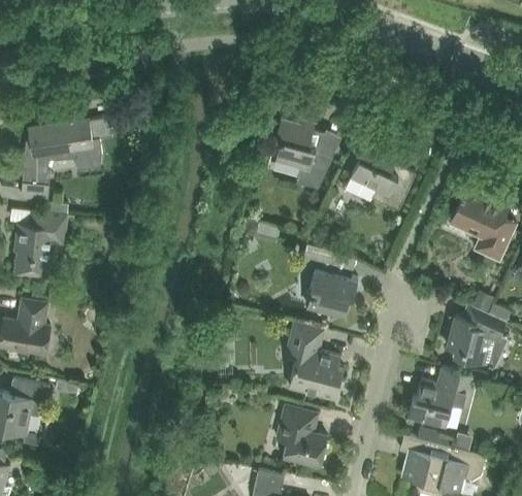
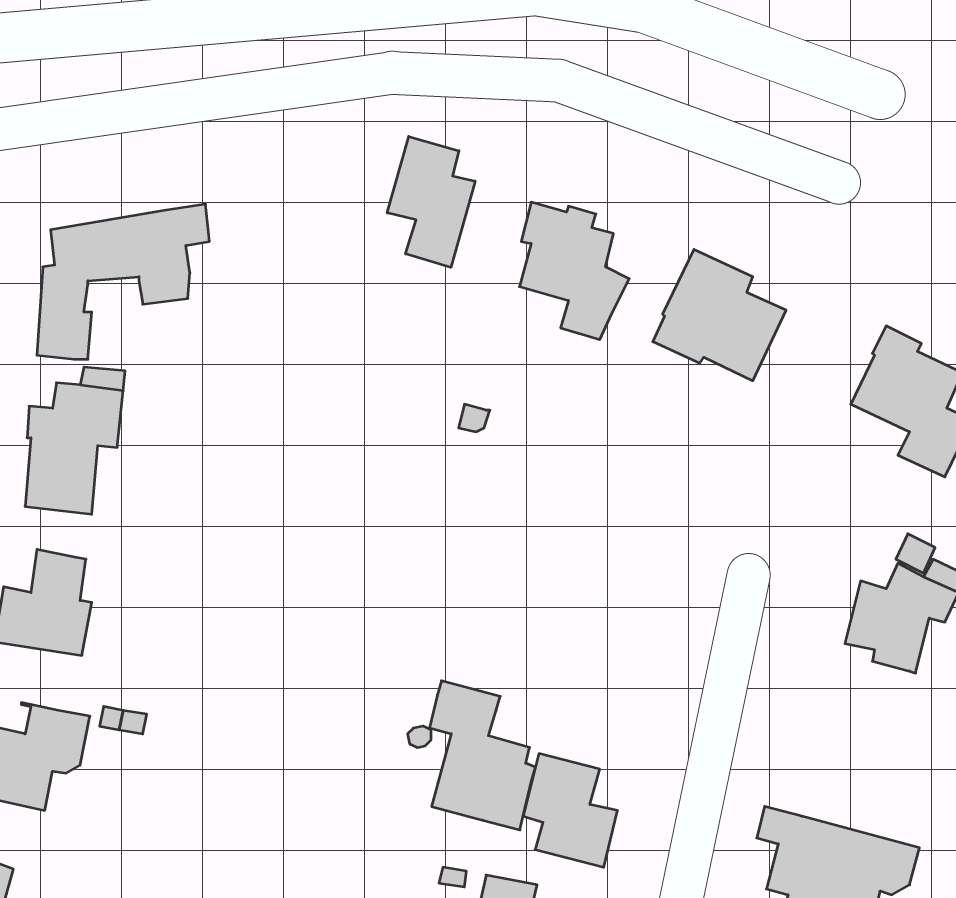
building: none -> [387,136,475,267]
building: [301,252,357,317] -> none
building: [287,322,342,400] -> [430,681,536,830]
building: [406,368,474,428] -> none

